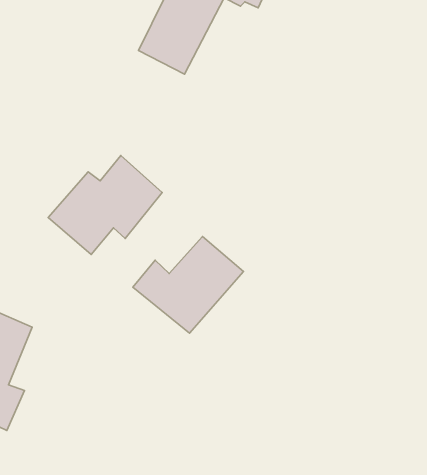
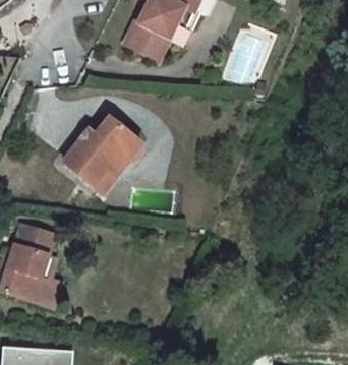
building: [133,236,243,333] -> none

